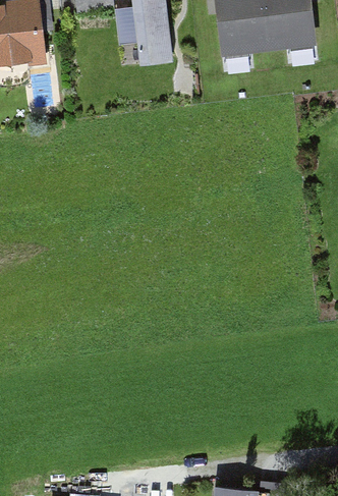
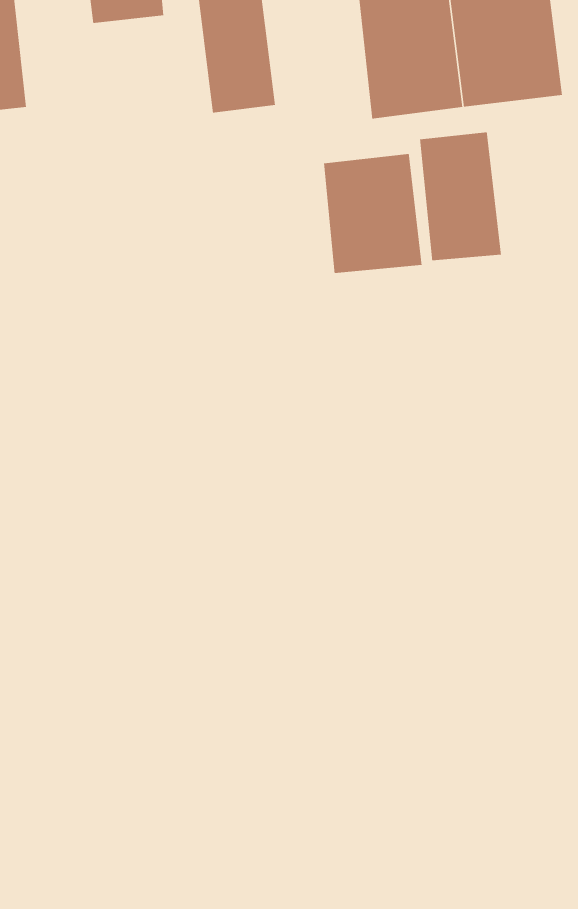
building: none -> [420,131,501,261]
building: none -> [323,153,422,274]

